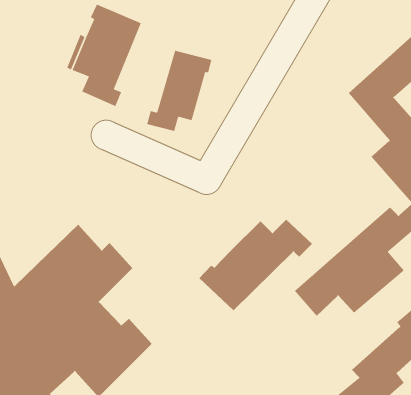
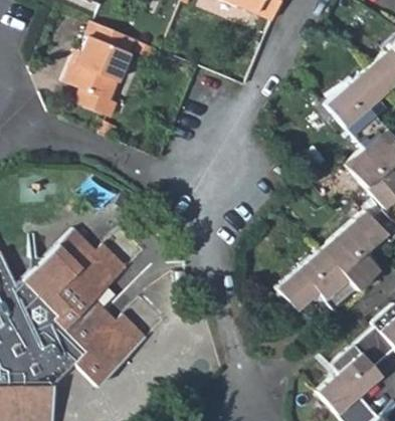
building: [146,50,212,132] -> none
building: [199,219,313,311] -> none

